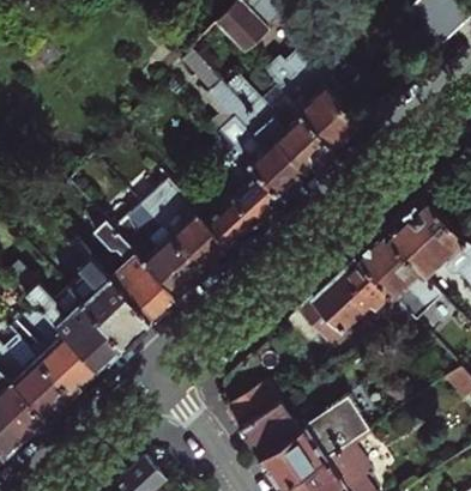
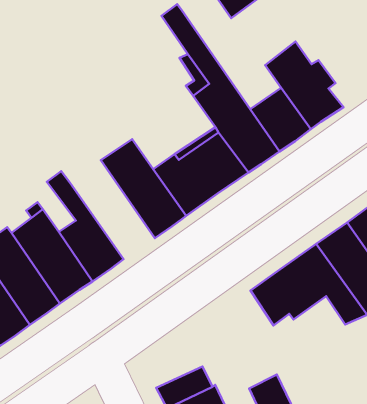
building: [119,210,206,299] -> none

